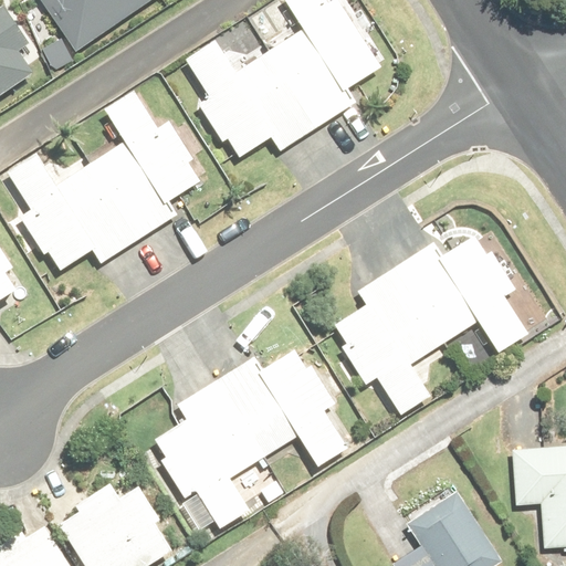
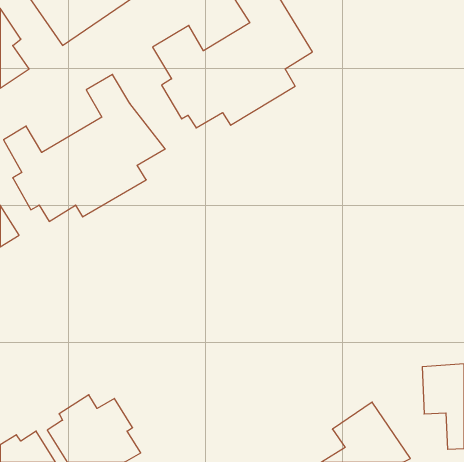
building: [333,233,525,415] -> none
building: [155,347,346,532] -> none

